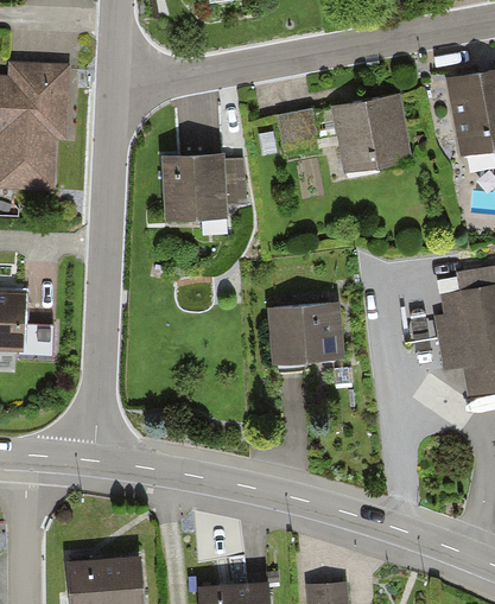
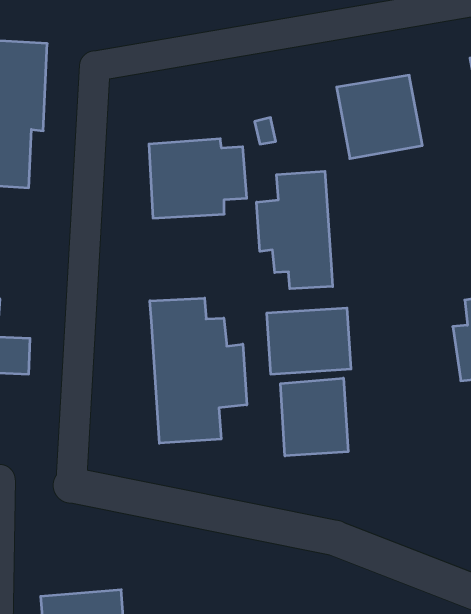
building: none -> [257,171,333,289]
building: none -> [150,298,247,443]
building: none -> [281,378,348,456]

